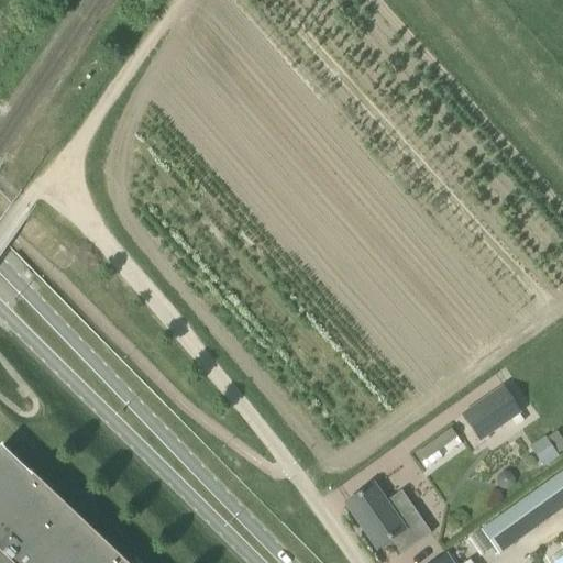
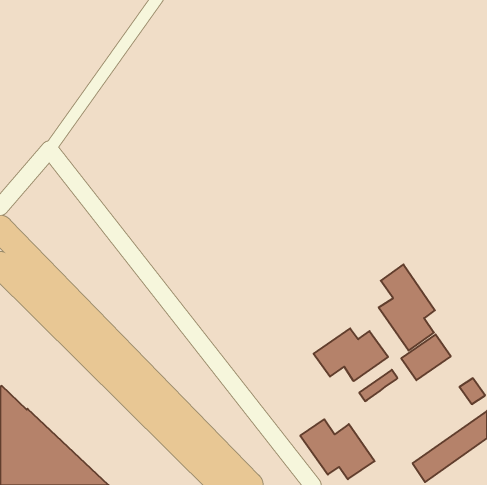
building: none -> [379,264,435,351]
building: none -> [314,328,388,381]

